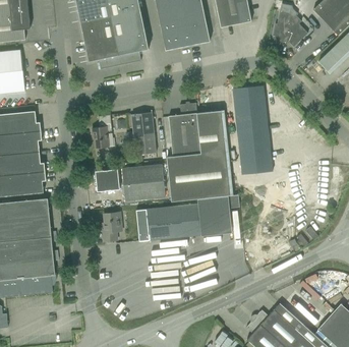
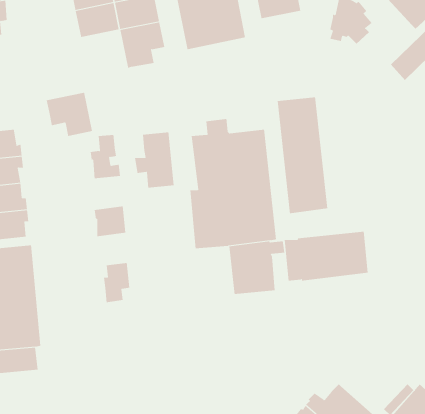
building: [84,36,120,69] -> [46,92,93,136]
building: [121,165,165,201] -> none
building: [136,204,200,241] -> [284,231,369,281]

